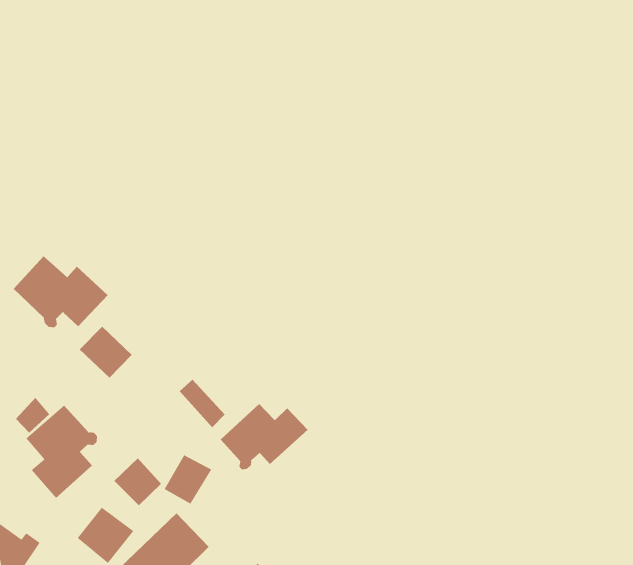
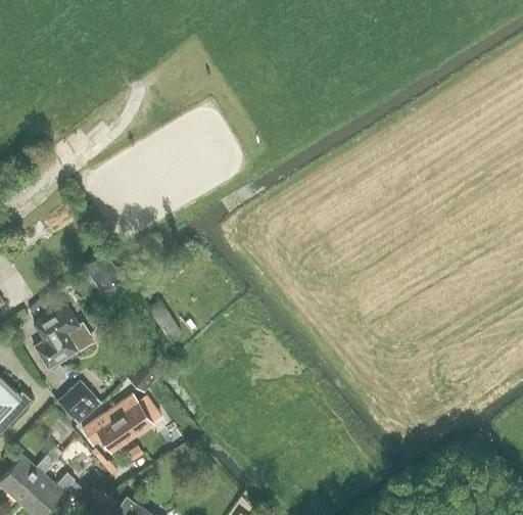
building: [13,255,109,328] -> none
building: [220,403,308,470] -> none
building: [113,457,162,506] -> none

